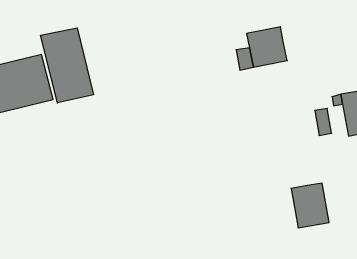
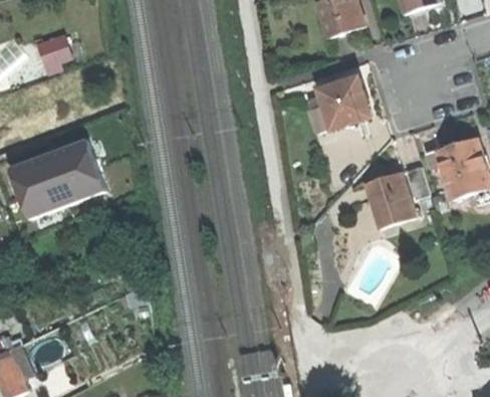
building: [41,28,93,103] -> none
building: [291,183,329,228] -> [368,171,416,225]

